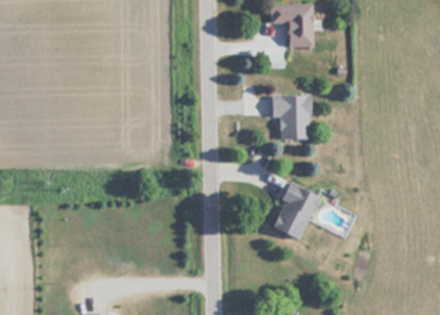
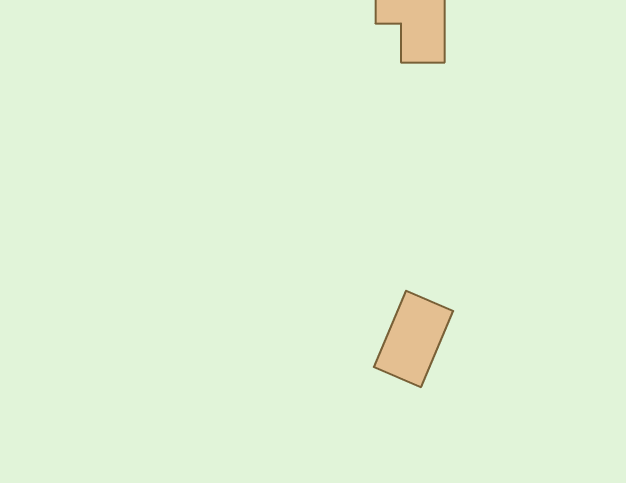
building: [270,95,310,139] -> none

